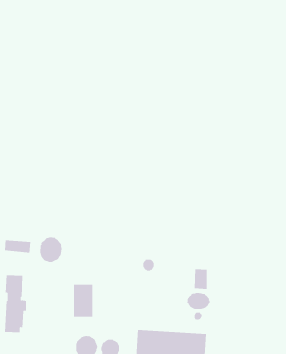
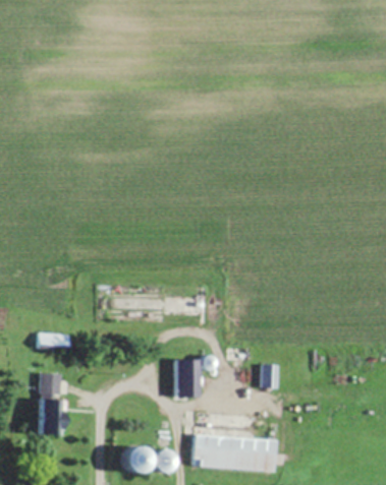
building: [40,237,62,263] -> none
building: [73,284,93,317] -> [175,361,199,400]
building: [187,292,210,310] -> none

